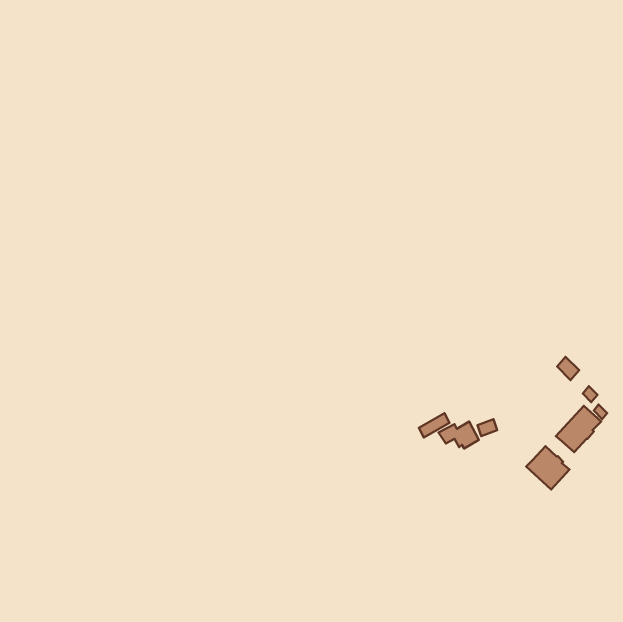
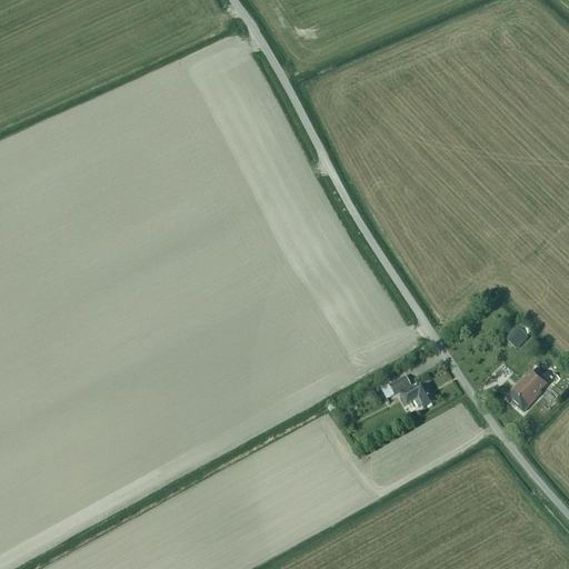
building: [526,446,570,490] -> none

